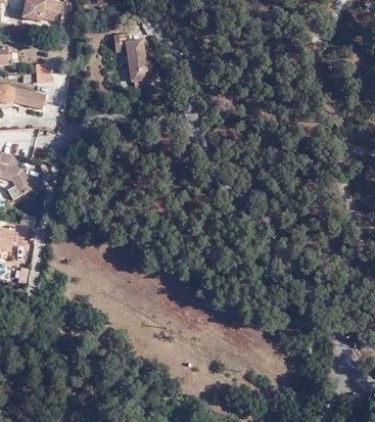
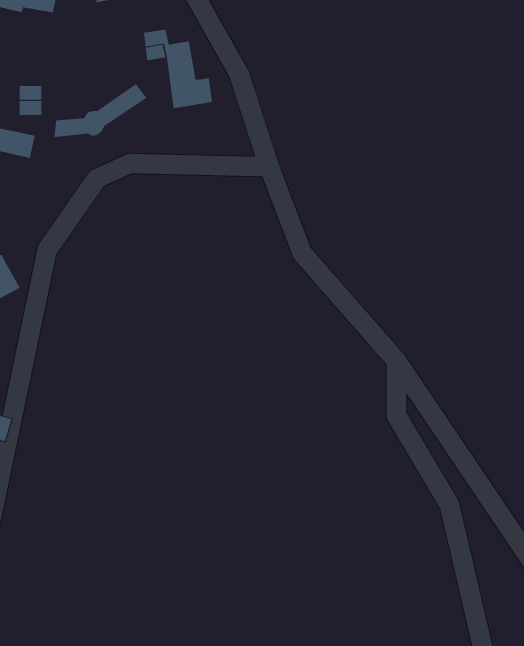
building: none -> [54,83,147,138]

